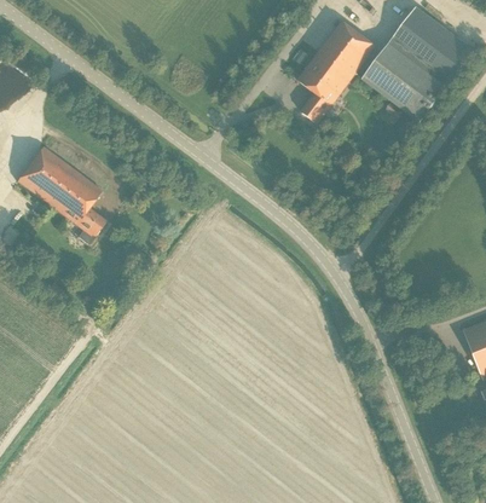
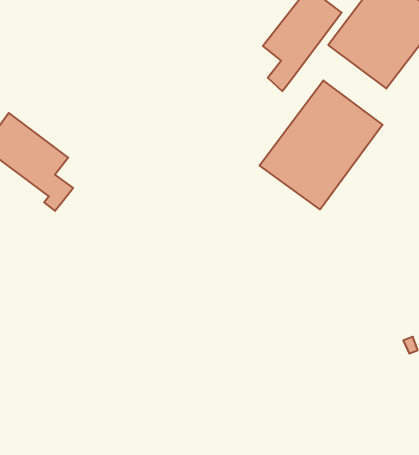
building: none -> [260,80,383,209]

